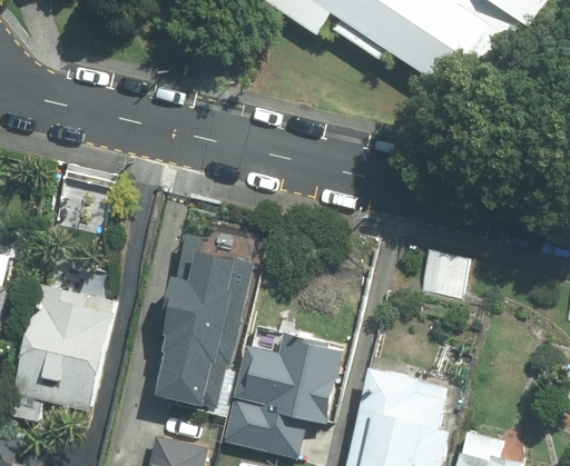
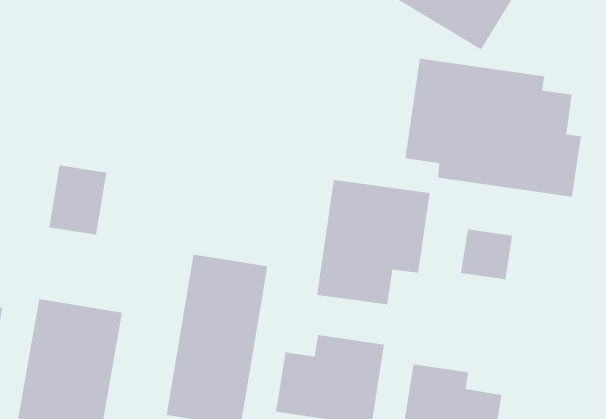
building: none -> [405,58,582,197]
building: none -> [316,179,430,305]

